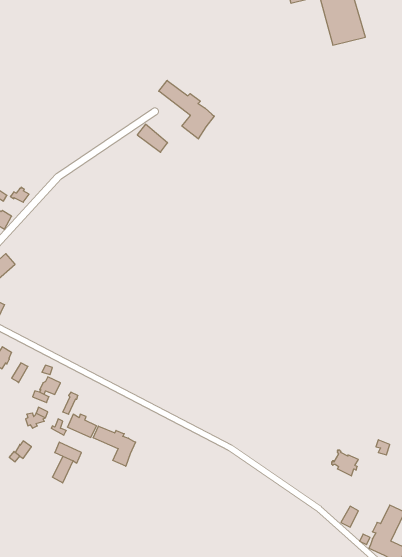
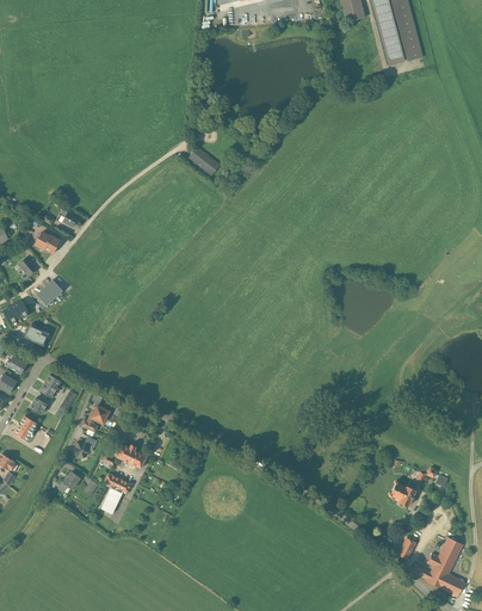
building: [159,80,214,139] -> none
building: [93,426,136,466] -> none

